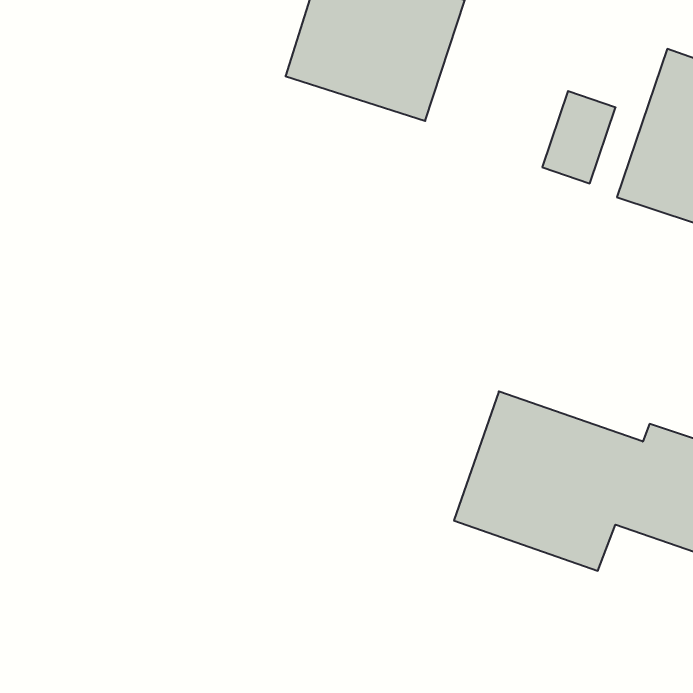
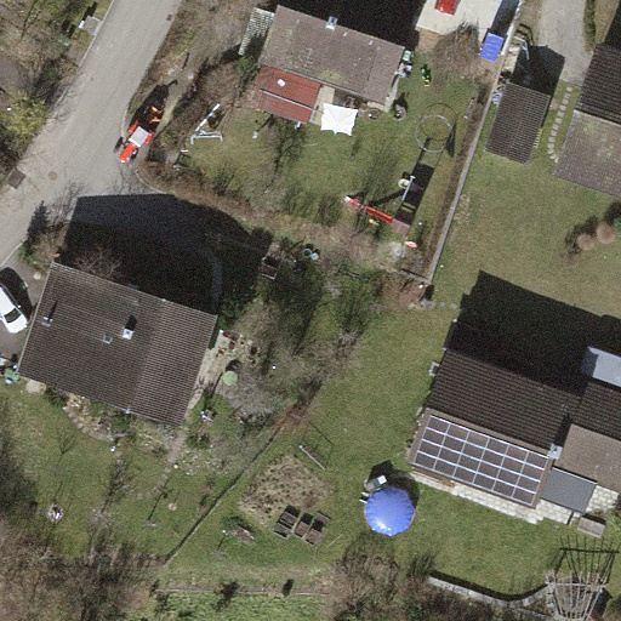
building: none -> [22,263,223,427]

